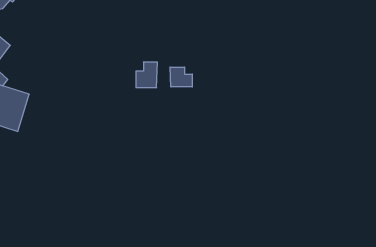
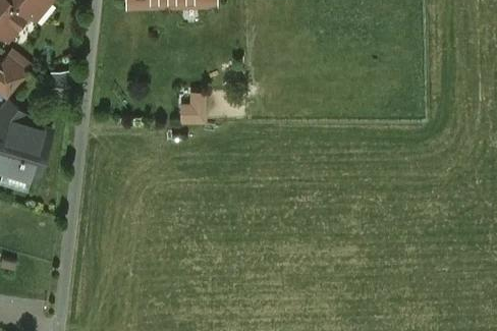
building: [170,67,192,87] -> none

